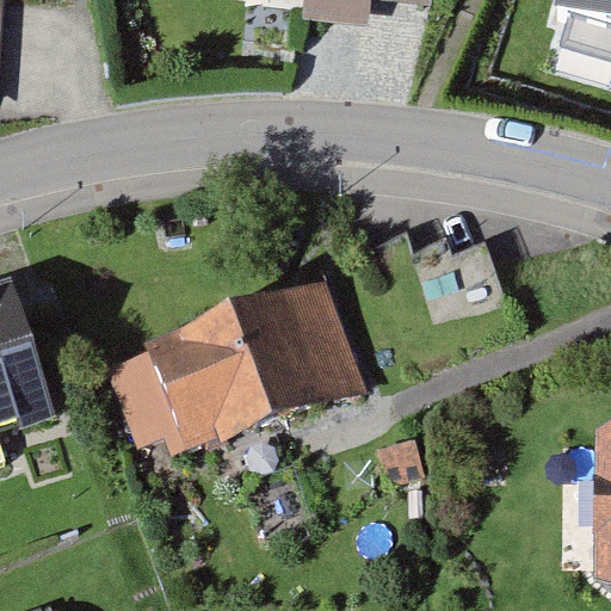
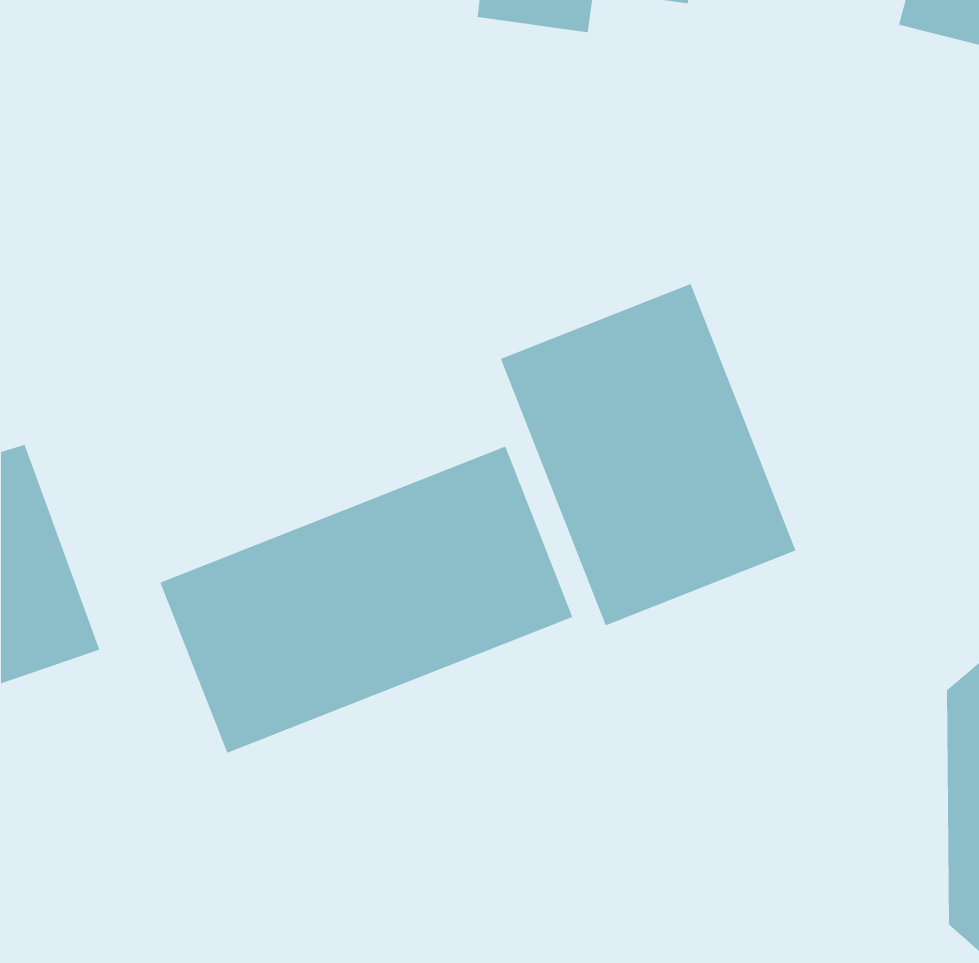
building: none -> [500,283,796,626]

